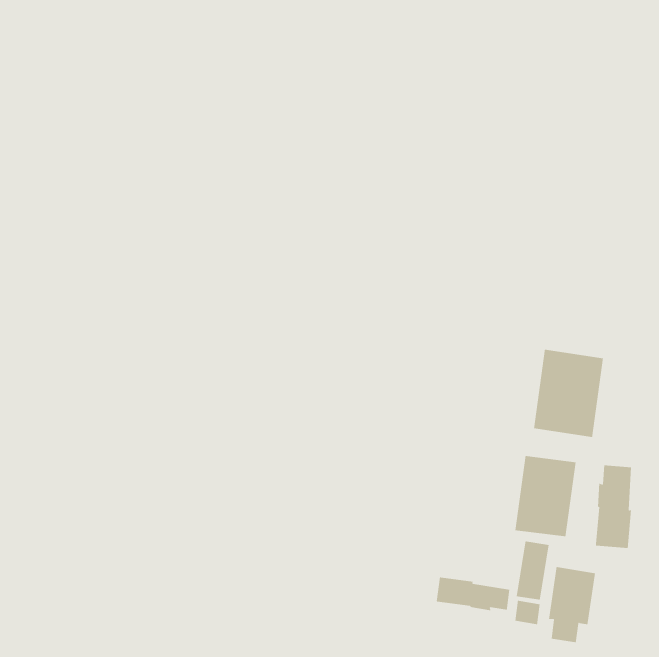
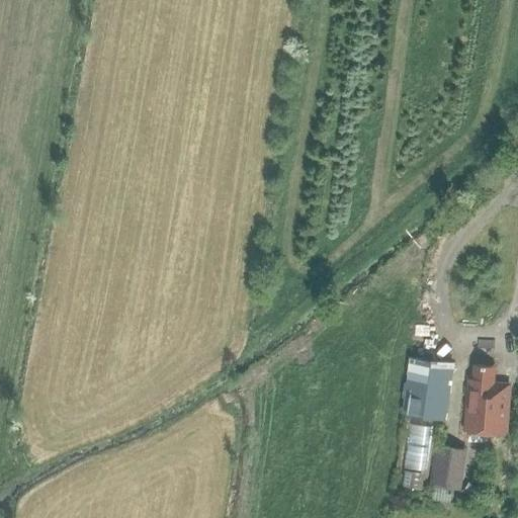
building: [533,349,603,438] -> none
building: [432,576,510,611] -> none

